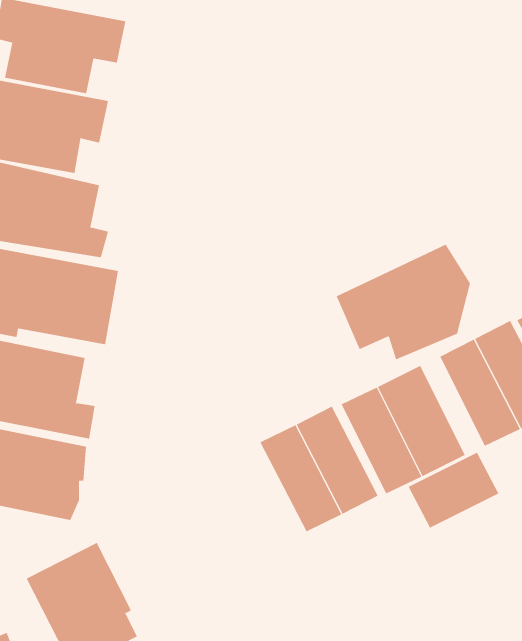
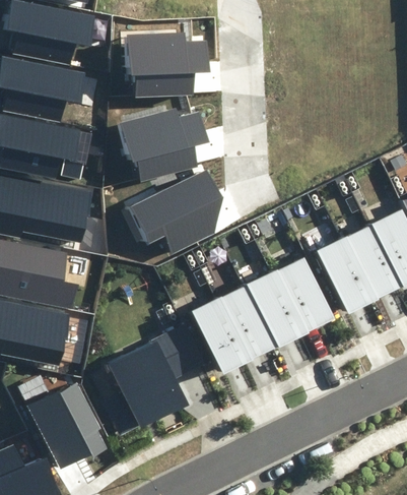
building: none -> [125,32,208,99]
building: none -> [121,108,207,179]
building: [336,244,471,360] -> [129,170,223,251]
building: [408,452,499,528] -> none
building: none -> [105,324,199,433]

